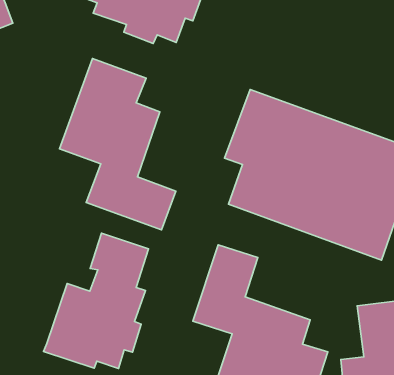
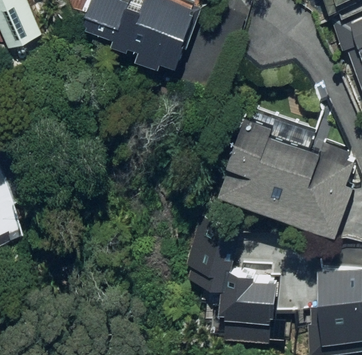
building: [60,58,176,230] -> none
building: [44,233,149,368] -> none

